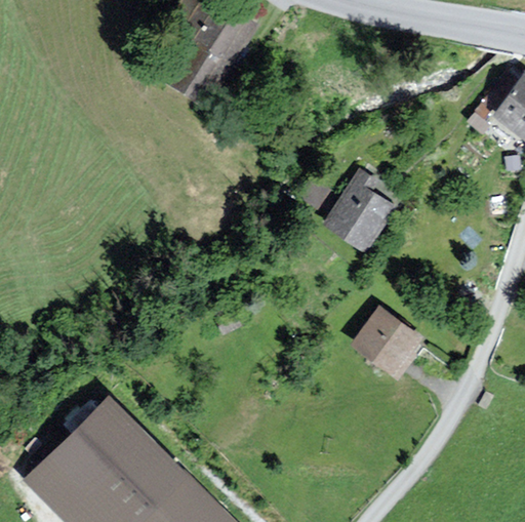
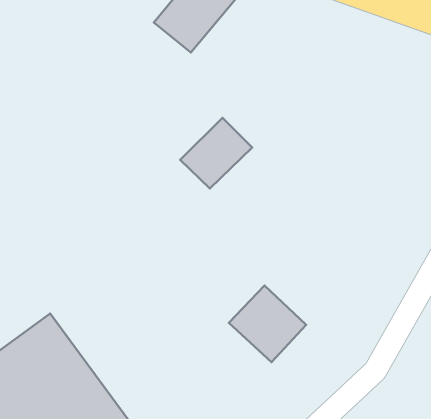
building: [327,171,401,248] -> [180,118,252,189]
building: [356,297,438,377] -> [229,285,306,362]

